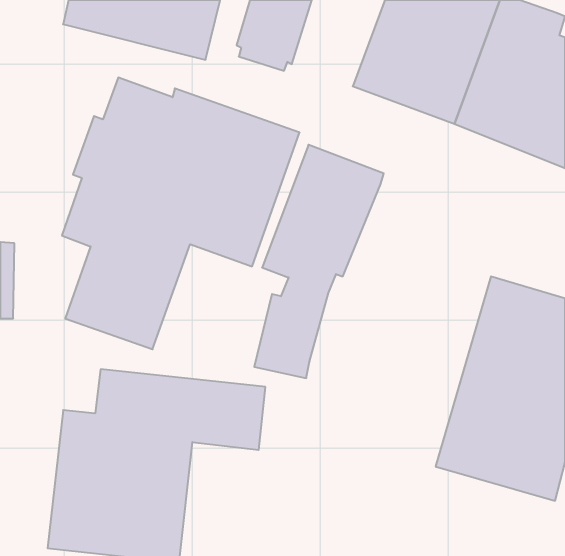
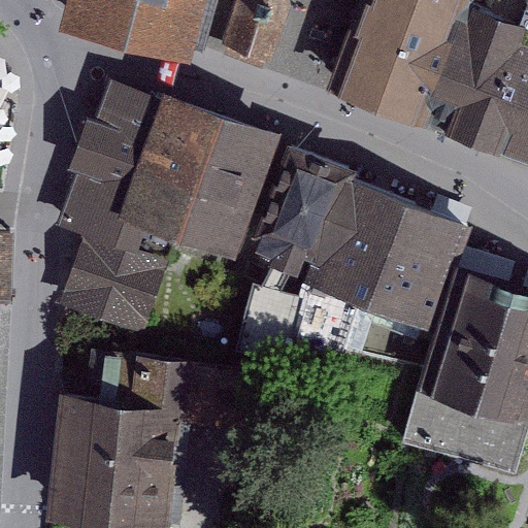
building: none -> [289,180,468,361]

